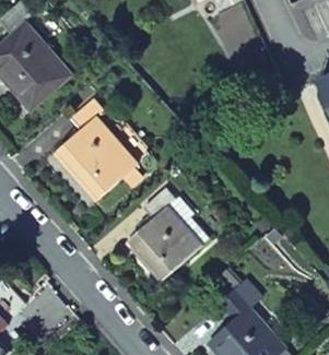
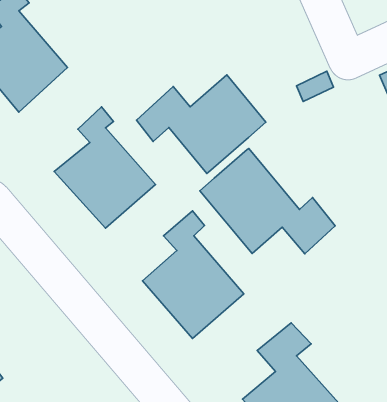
building: none -> [136,75,266,173]
building: none -> [200,149,335,254]

